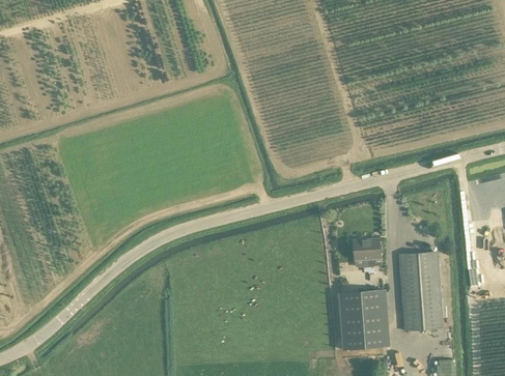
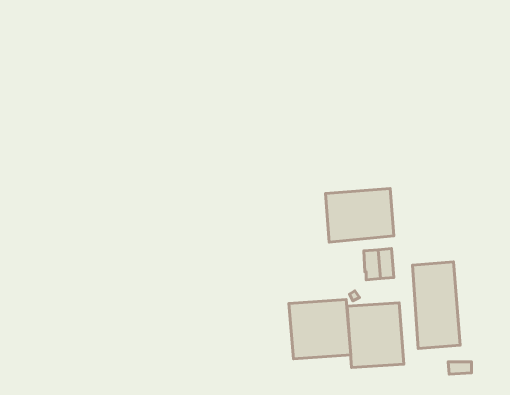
building: none -> [325,189,394,242]
building: none -> [289,299,351,359]

